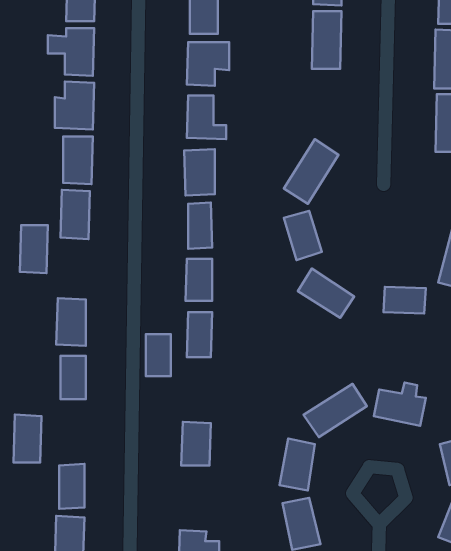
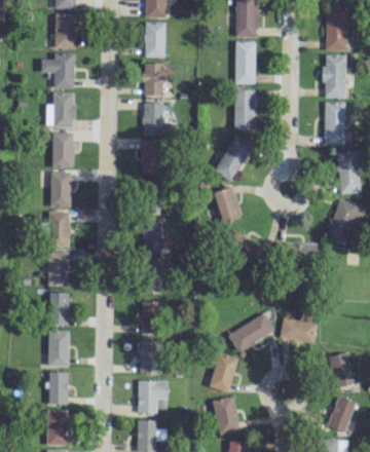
building: none -> [233,89,256,129]
building: [20,225,48,273] -> [49,212,70,247]
building: [146,334,171,376] -> [142,301,160,332]
building: [13,415,41,462] -> [48,331,69,366]
building: none -> [138,380,168,413]

